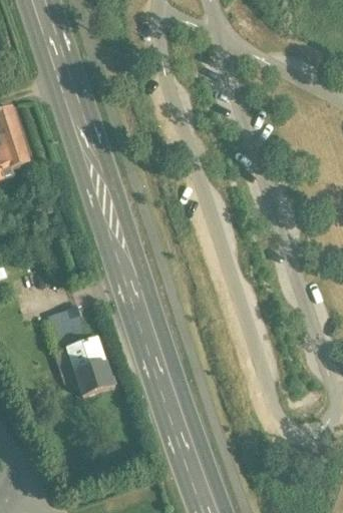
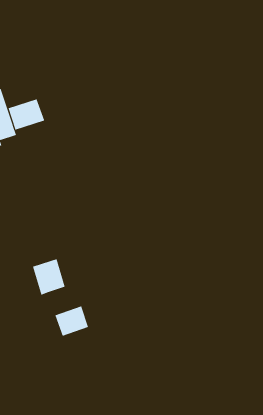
building: none -> [8,98,45,131]
building: [66,336,105,372] -> none

